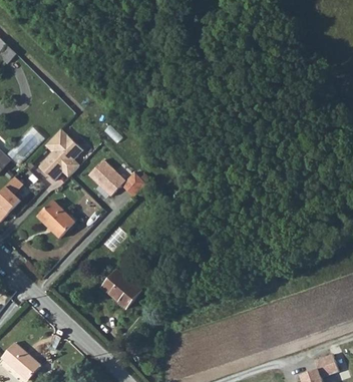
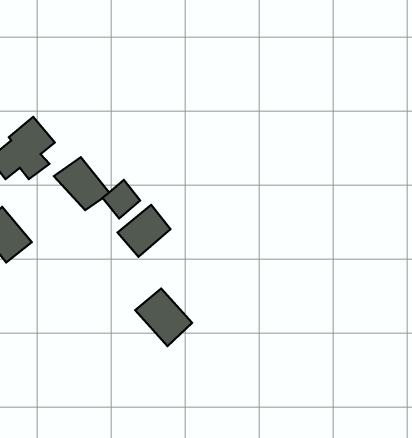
building: none -> [118,205,171,257]
building: [100,269,140,308] -> [135,288,192,346]

